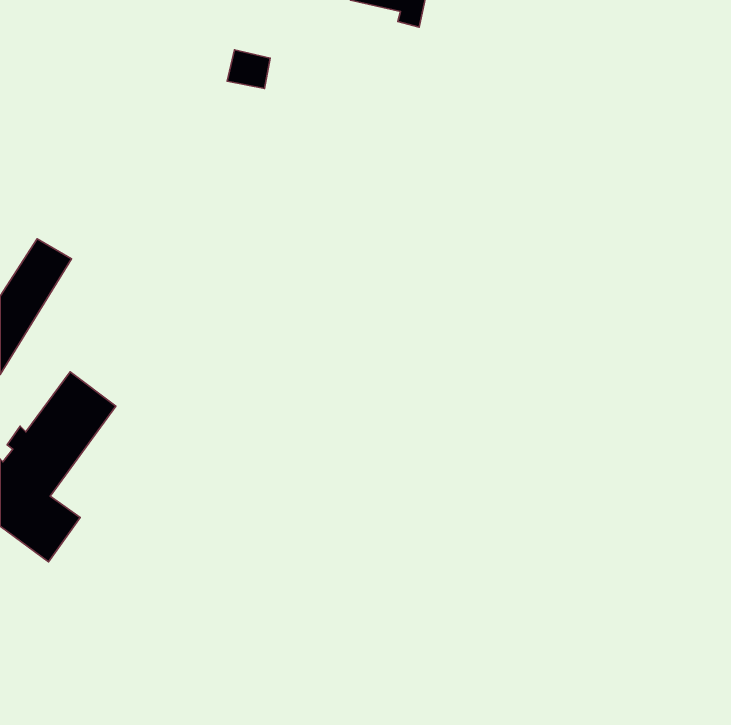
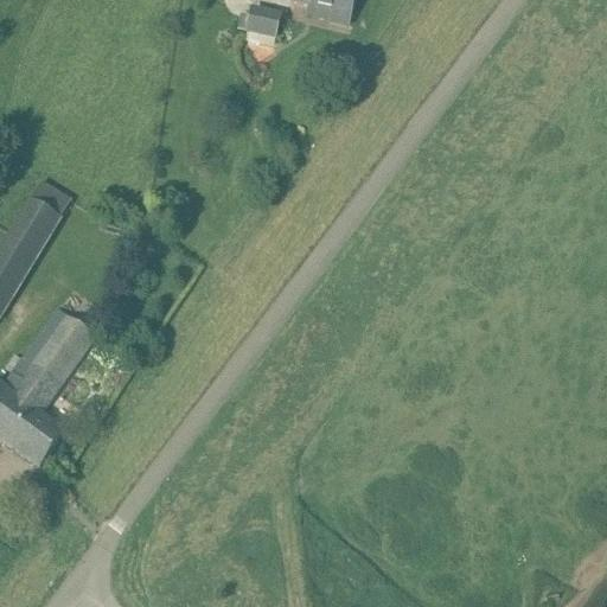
building: [227,50,270,88] -> [245,5,281,37]
building: none -> [31,179,70,215]

